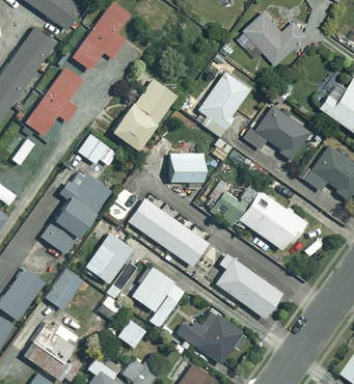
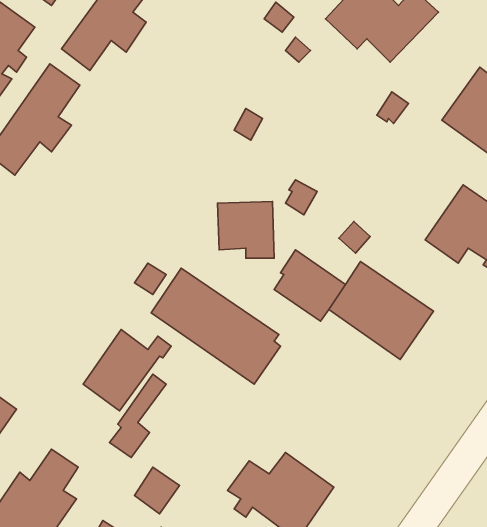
building: [196,72,249,137] -> none
building: [112,79,176,149] -> none
building: [242,105,309,160] -> none
building: [77,134,107,164] -> none
building: [40,169,111,254] -> none
building: [215,253,282,319] -> none
building: [131,267,185,328] -> none
building: [45,268,83,310] -> none

